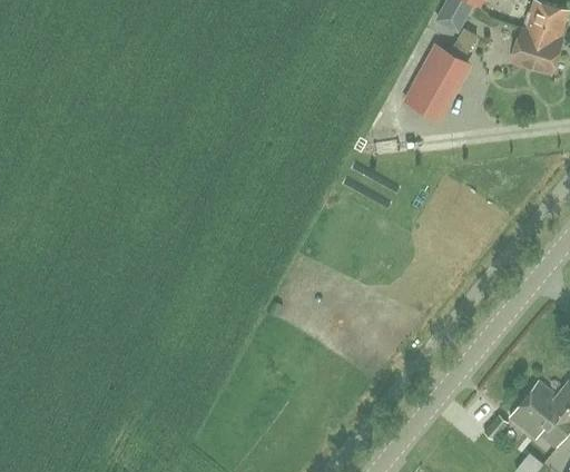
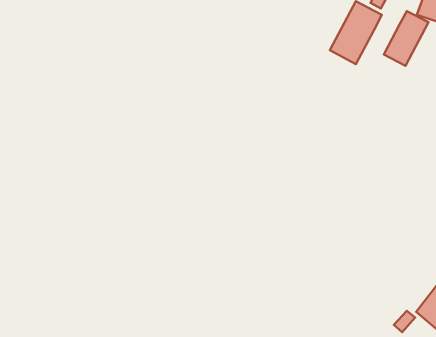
building: none -> [384,11,428,66]

